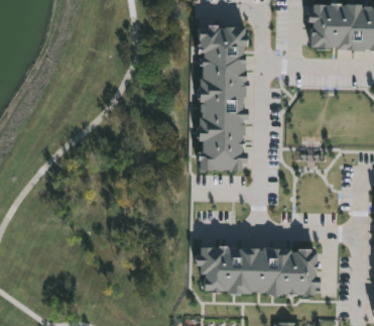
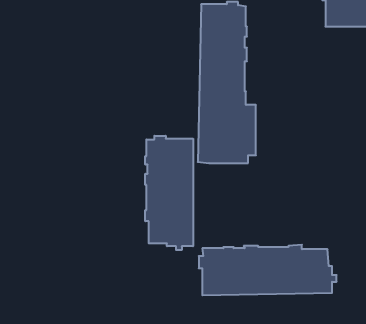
building: none -> [145,136,193,250]

